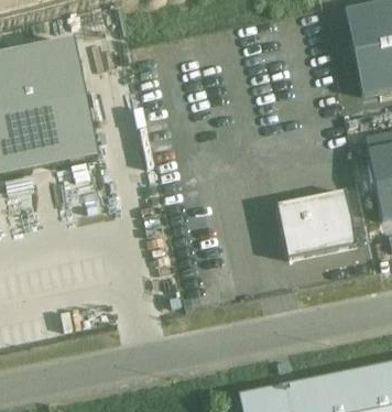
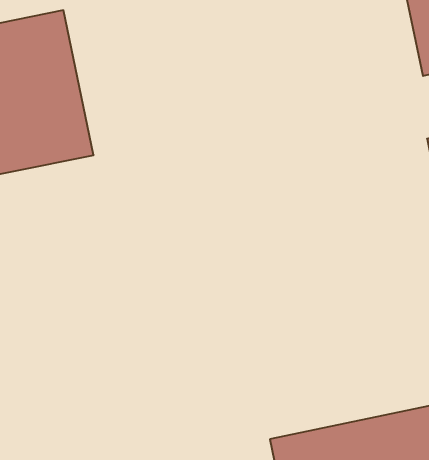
building: [277,187,357,257] -> none

